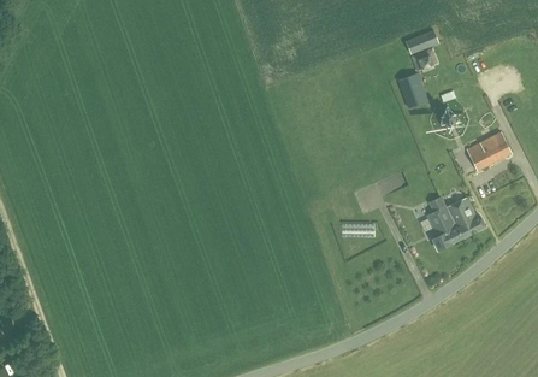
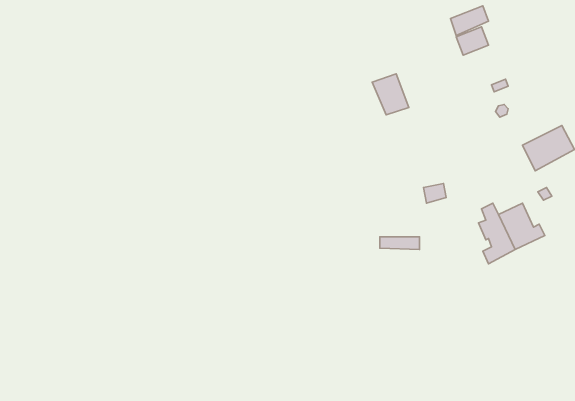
building: [396,72,427,107] -> [372,74,409,115]

